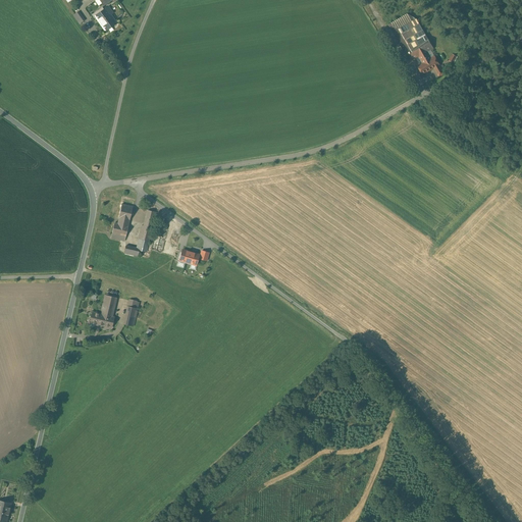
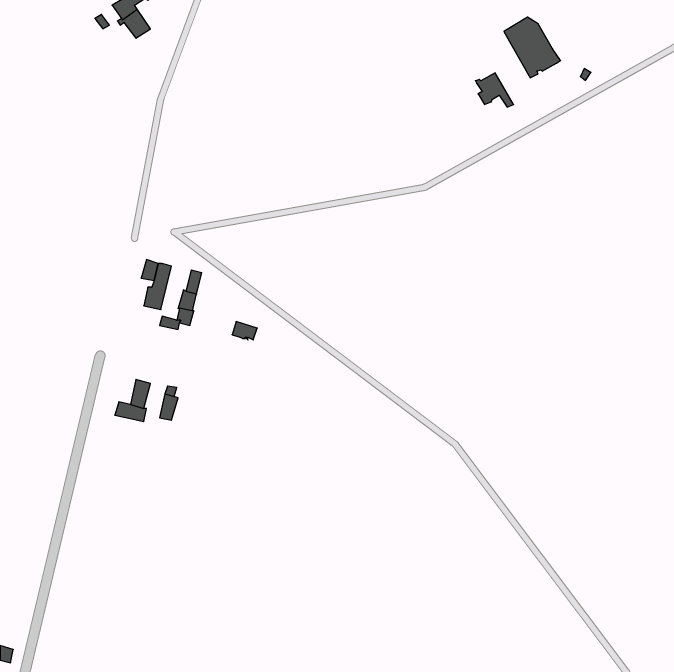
building: [415,49,445,75] -> [475,73,514,107]

